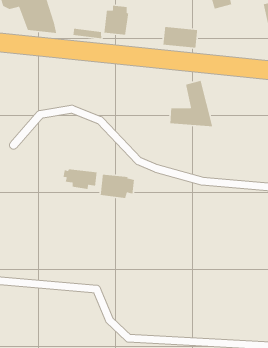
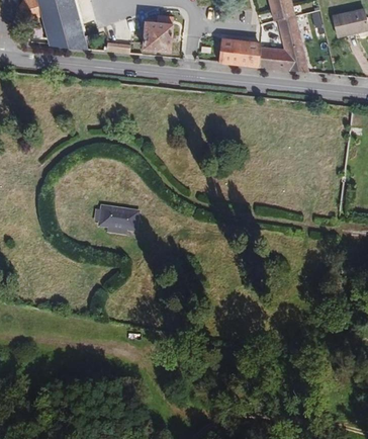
building: [170,80,213,127] -> [258,14,309,70]
building: [100,174,135,199] -> none

